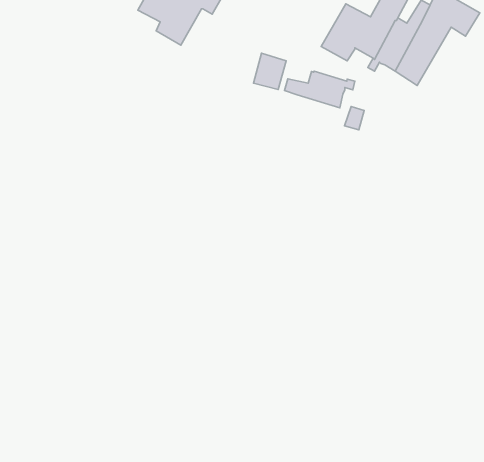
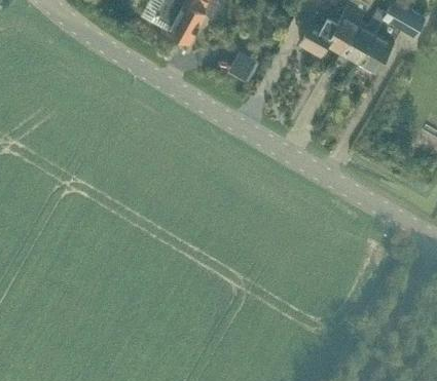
building: [285,71,355,108] -> none

